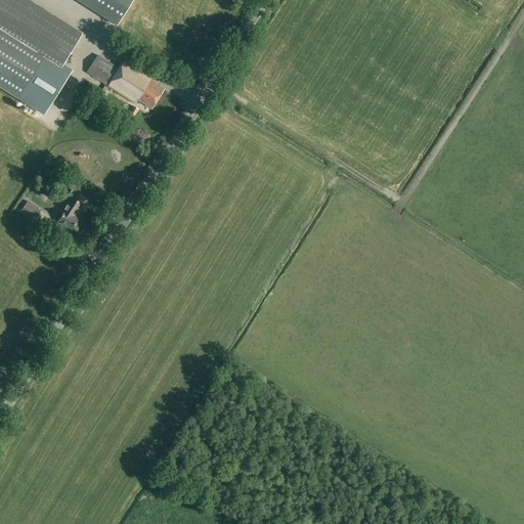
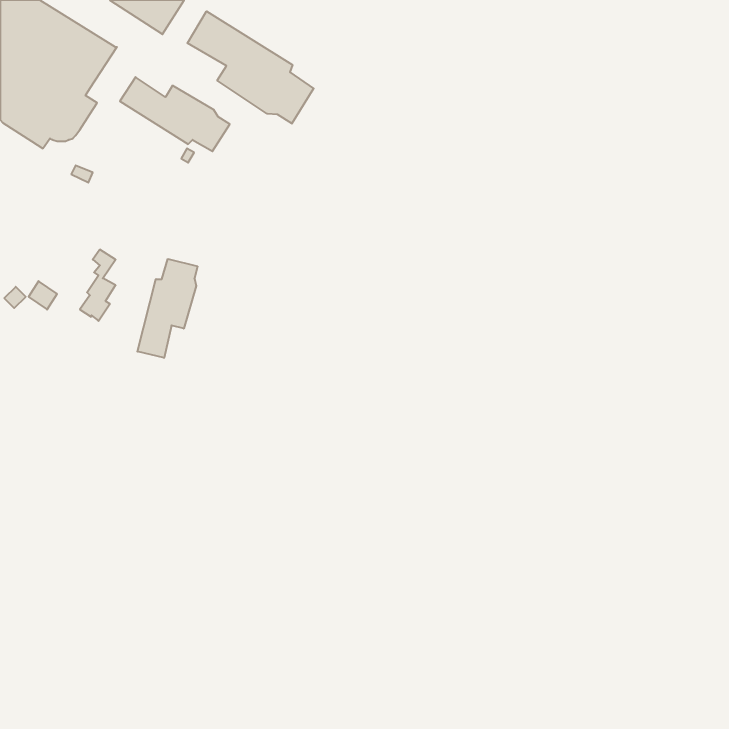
building: none -> [187,11,314,124]
building: none -> [137,259,197,358]

